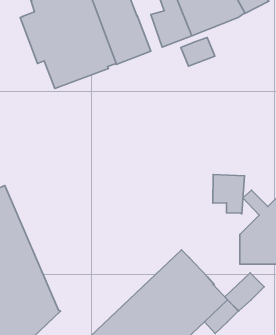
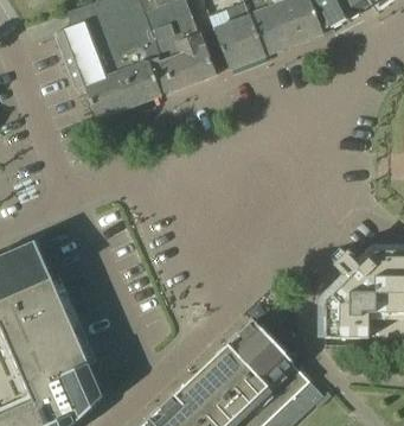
building: [181,37,215,66] -> none
building: [213,174,244,214] -> none
building: [225,273,264,311] -> none

